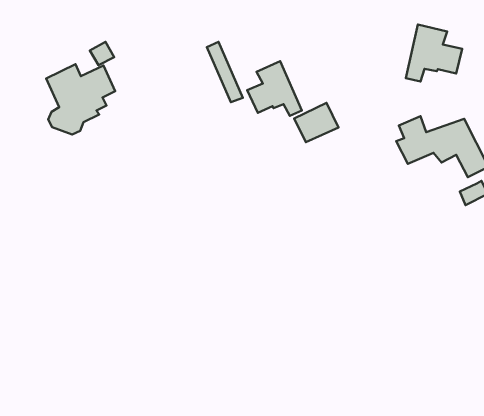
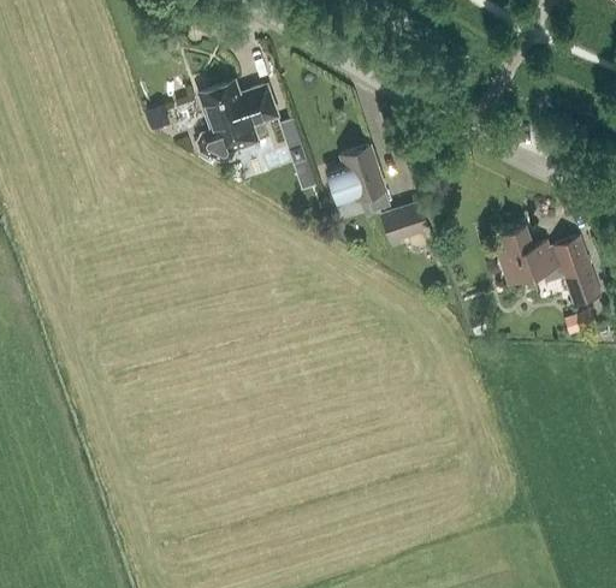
building: [406,25,462,82] -> none
building: [46,64,115,135] -> [196,81,278,162]

